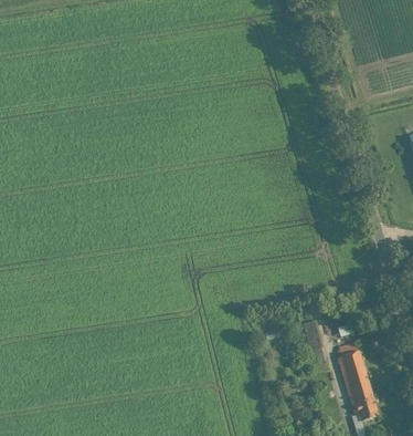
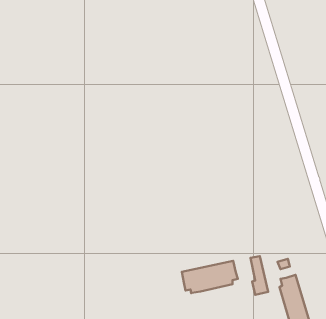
building: none -> [182,261,238,293]

